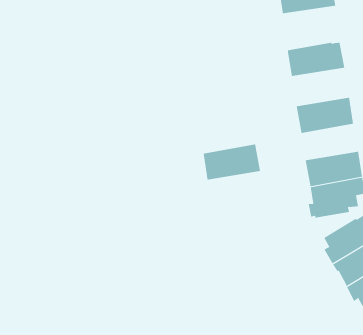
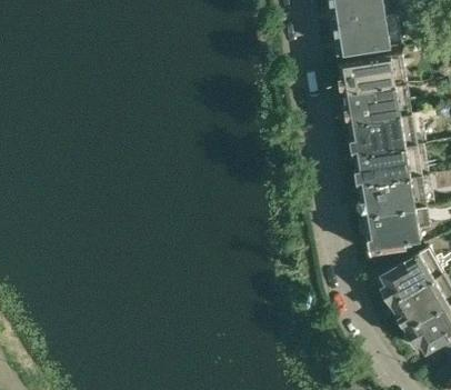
building: none -> [332,17,398,57]
building: none -> [342,87,409,130]
building: [203,144,261,180] -> [353,150,419,191]

